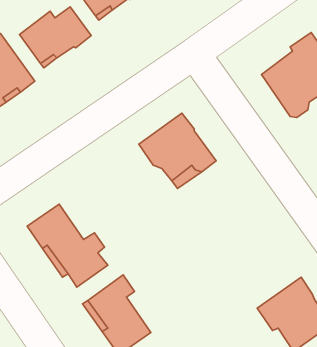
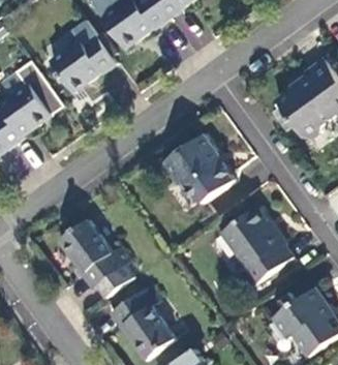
building: none -> [221,207,293,286]

